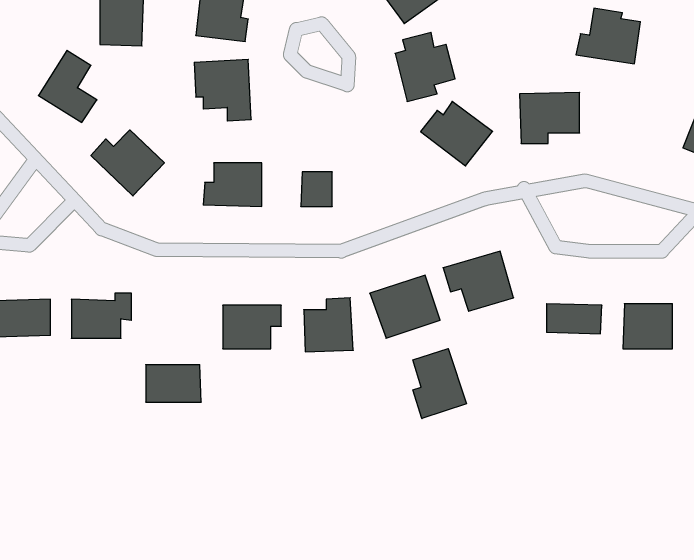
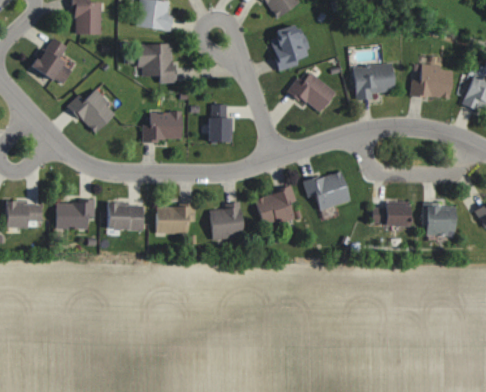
building: [576,8,640,64] -> [410,62,453,99]
building: [413,349,467,419] -> none
building: [146,365,201,402] -> [107,204,144,229]

